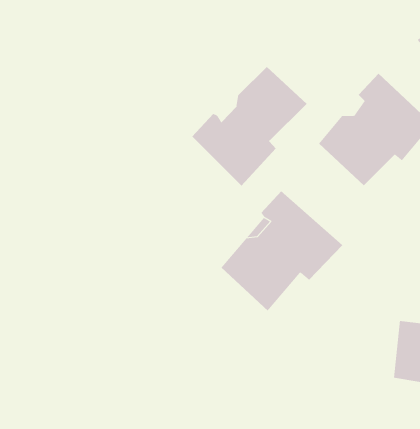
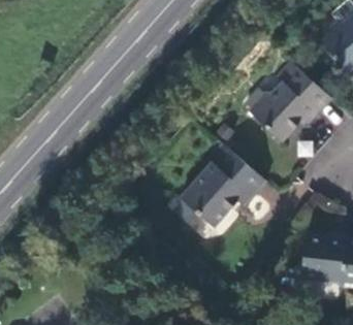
building: [192,66,307,187] -> none

